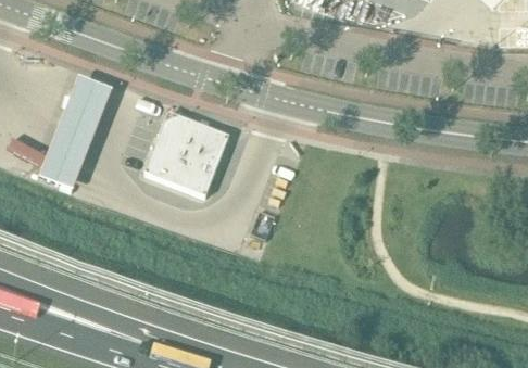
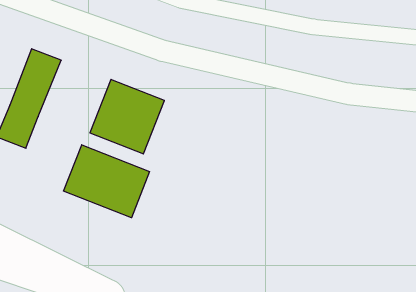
building: none -> [64,145,150,218]

